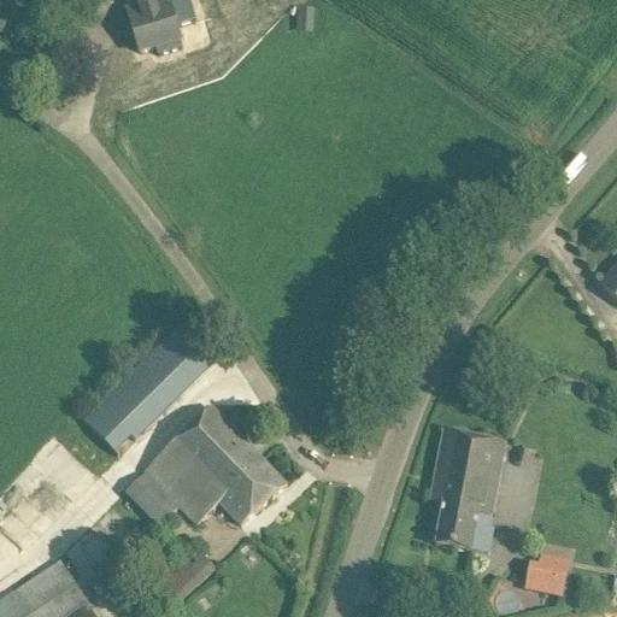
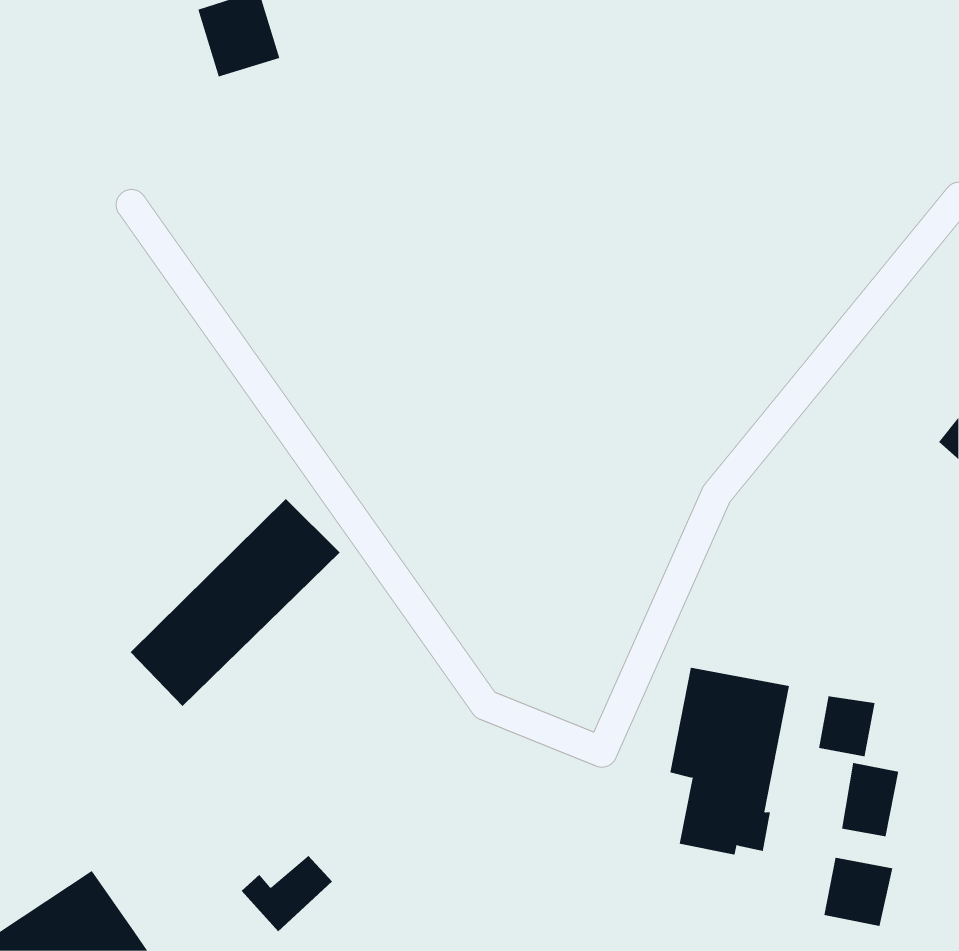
building: [124,405,286,524] -> none
building: none -> [818,695,875,757]
building: none -> [841,762,899,837]

